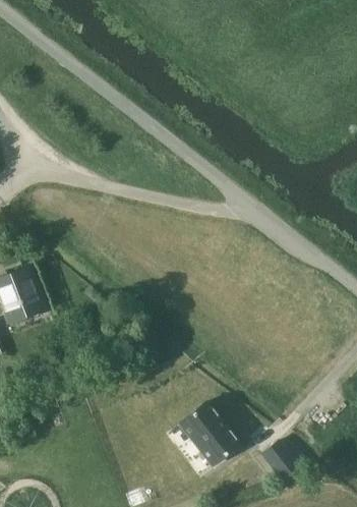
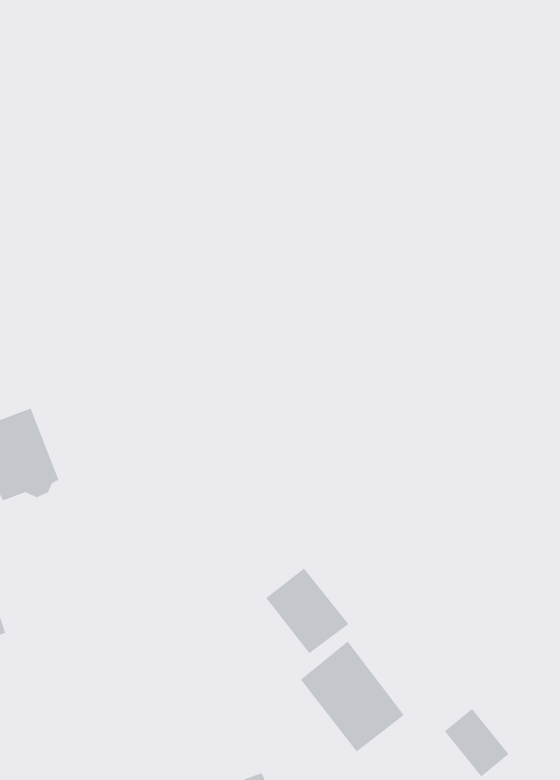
building: none -> [265,567,349,654]

